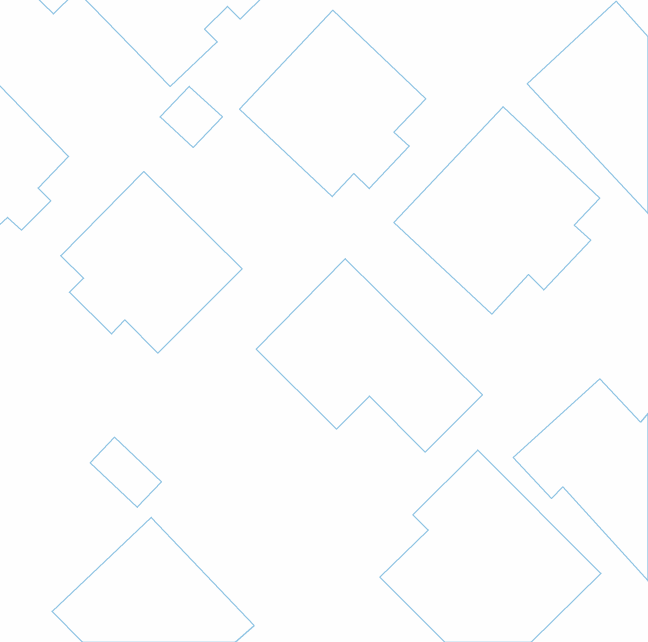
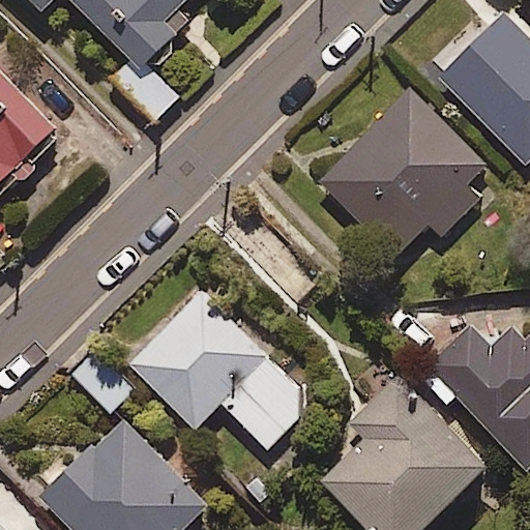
building: [240,10,426,197] -> none
building: [61,172,242,353] -> none
building: [256,259,482,452] -> [130,292,315,449]

